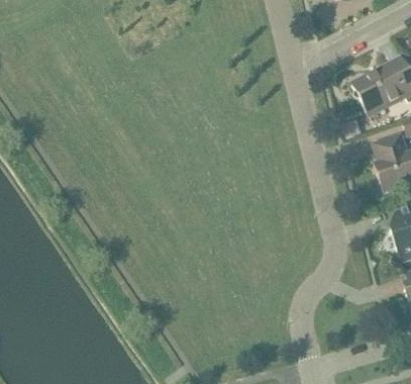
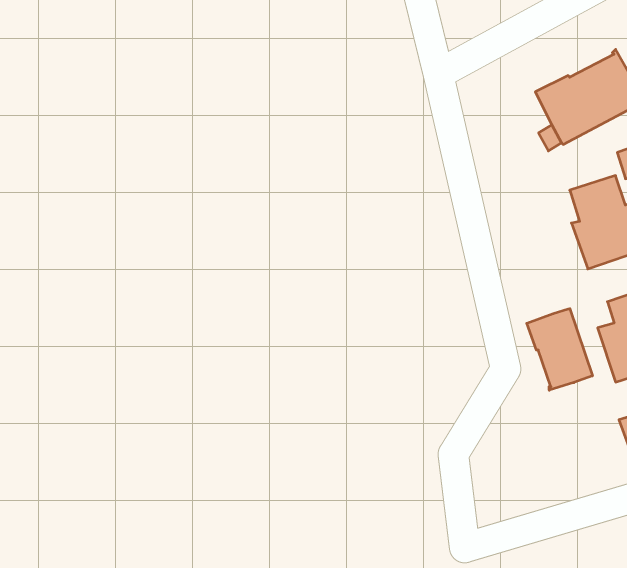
building: none -> [527,309,592,390]

